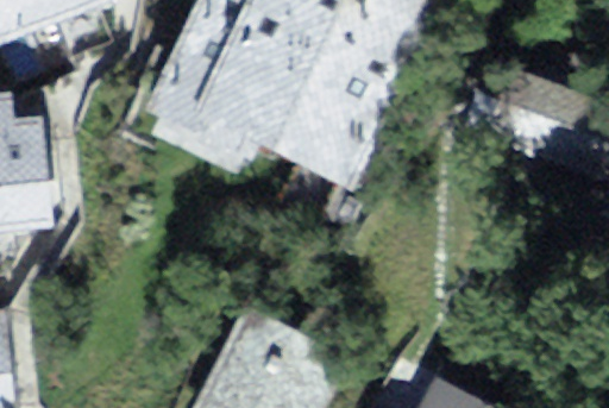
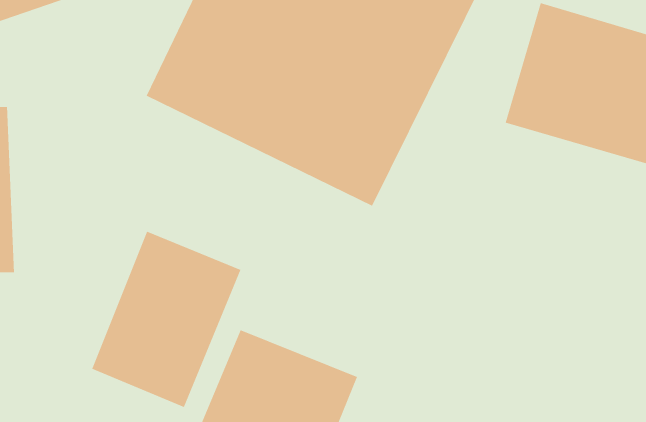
building: none -> [91,231,241,408]

